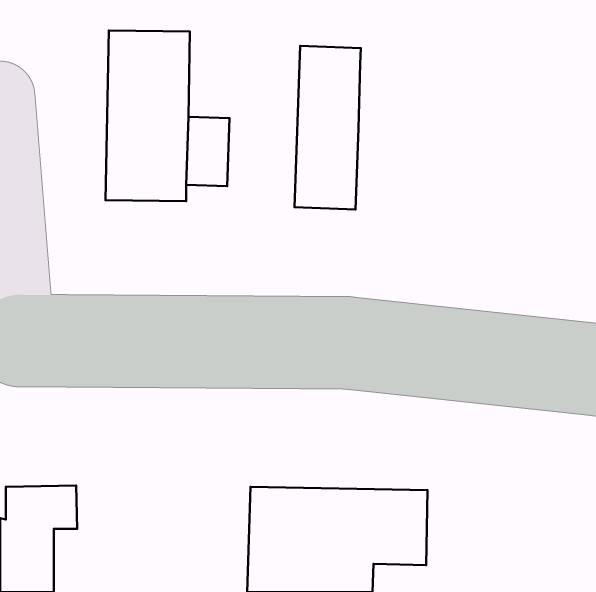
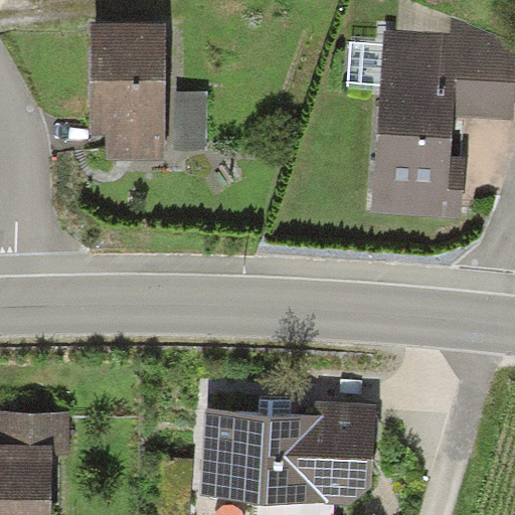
building: none -> [333,19,509,196]
building: [295,46,361,210] -> none

